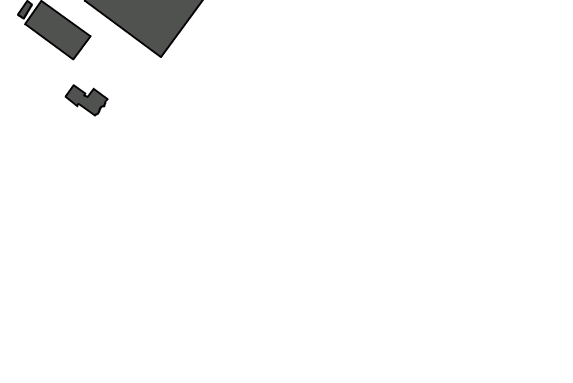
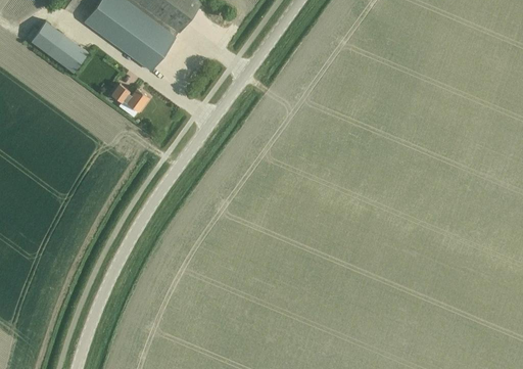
building: [66,85,108,116] -> [112,86,149,112]

